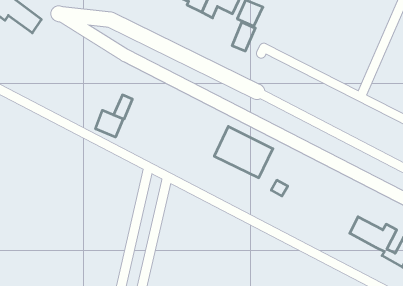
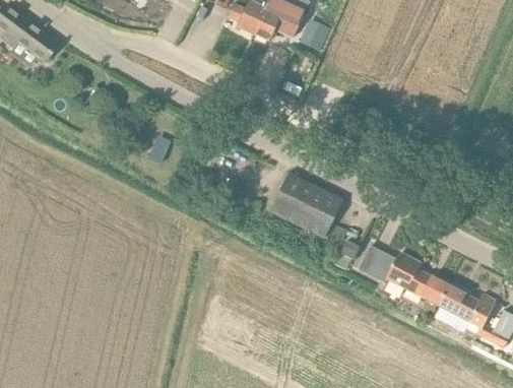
building: [232,22,255,51] -> none
building: [96,110,123,137] -> none
building: none -> [359,245,448,305]

